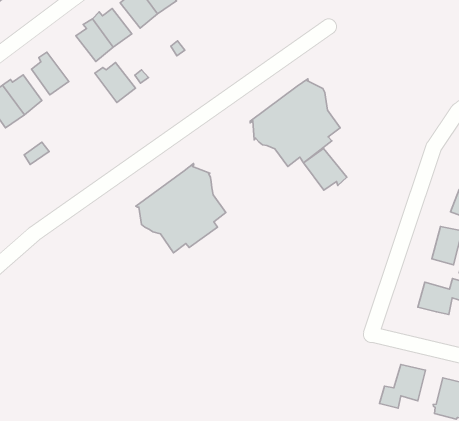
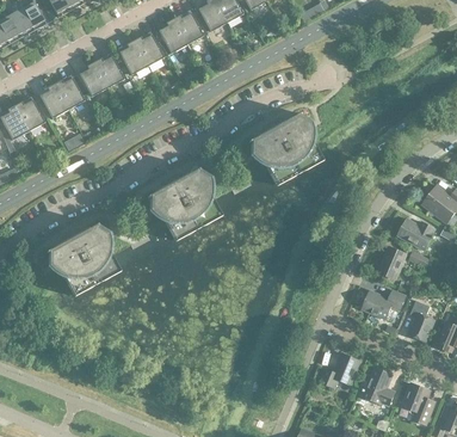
building: [95,63,136,103] -> [93,55,124,87]
building: [304,149,347,190] -> none
building: none -> [45,222,117,291]

